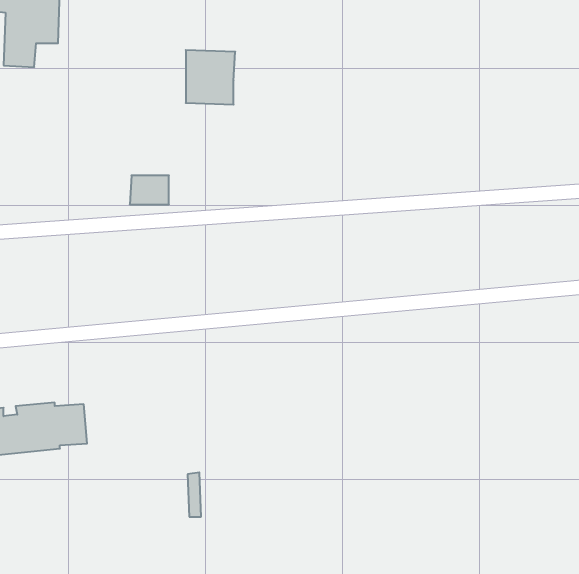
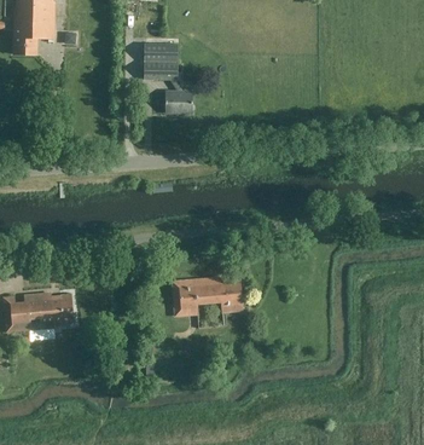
building: [130,175,169,204] -> [164,93,192,114]
building: none -> [174,276,242,314]

